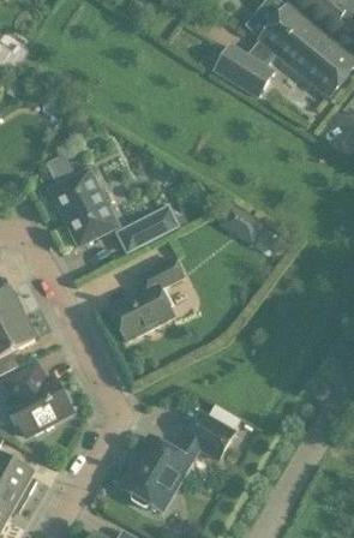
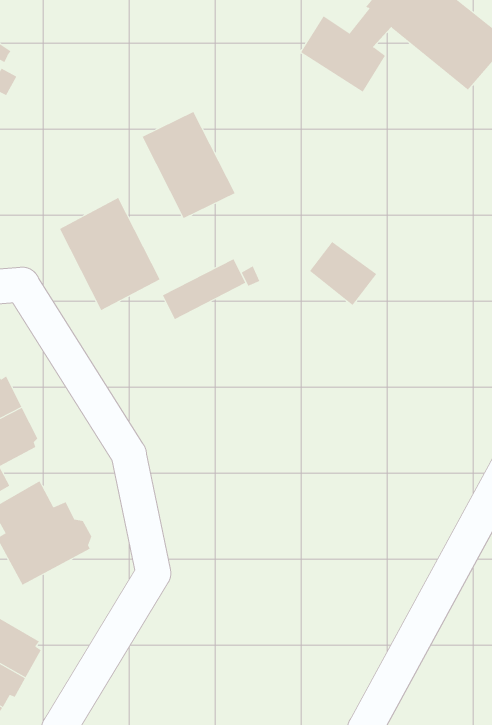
building: none -> [142,111,236,219]
building: [107,256,181,340] -> none
building: [118,410,233,512] -> none

